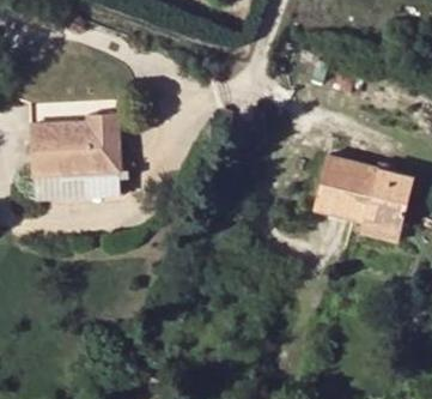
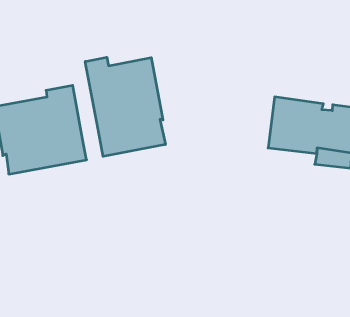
building: none -> [85,57,165,156]

